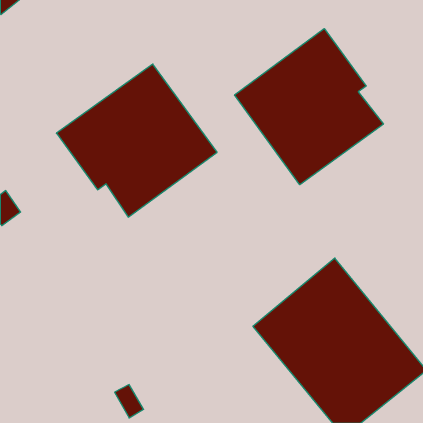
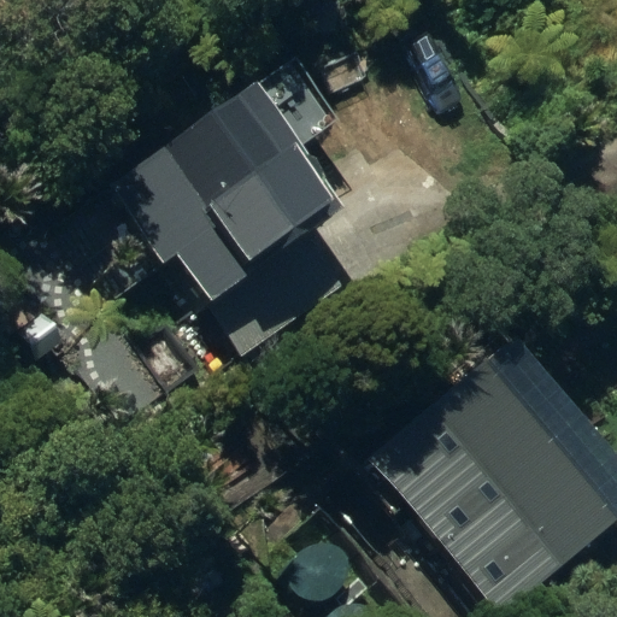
building: [235,29,383,185] -> none

